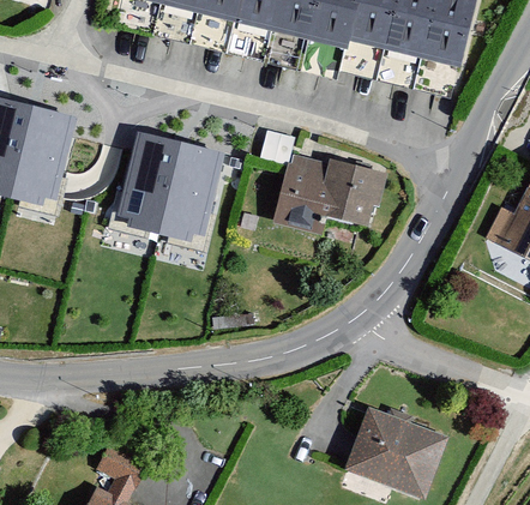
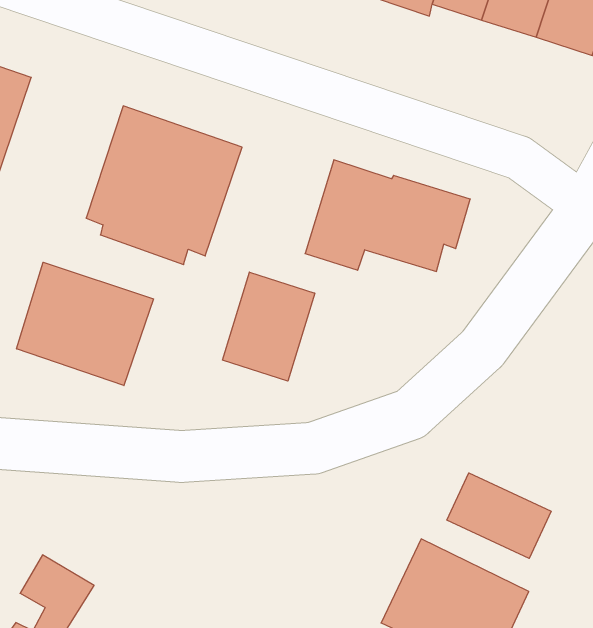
building: none -> [222,272,315,381]
building: none -> [17,262,153,386]
building: none -> [447,473,551,558]

